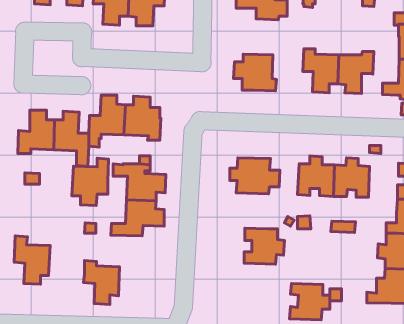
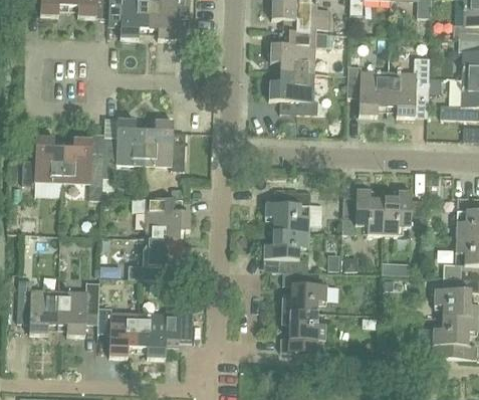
building: none -> [270,31,326,72]
building: [72,158,109,206] -> [57,281,99,336]
building: none -> [263,230,309,271]
building: none -> [138,311,192,359]
building: [290,284,330,320] -> [279,311,325,352]

